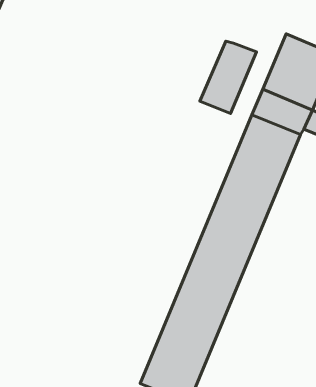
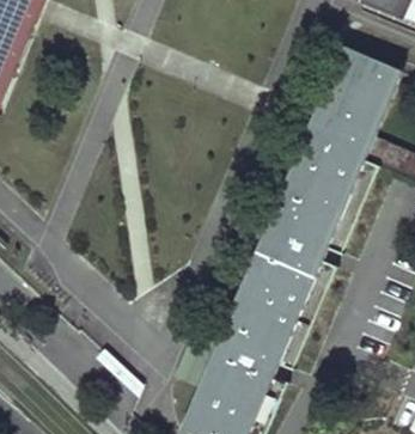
building: [200,41,256,114] -> none

